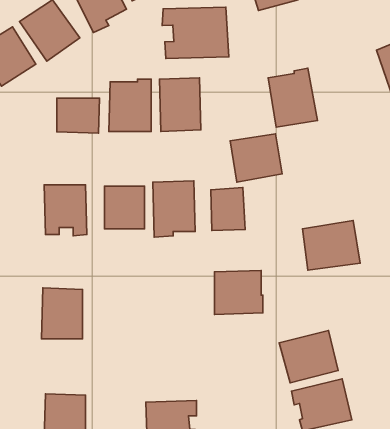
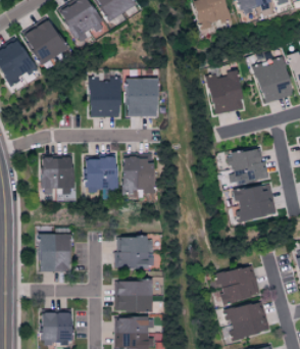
building: [162,7,229,58] -> none
building: none -> [254,59,292,103]
building: [57,98,100,133] -> none
building: [230,134,282,182] -> [229,149,267,185]
building: [211,188,245,230] -> none
building: [215,270,263,314] -> [118,237,154,269]
building: none -> [117,281,152,310]

